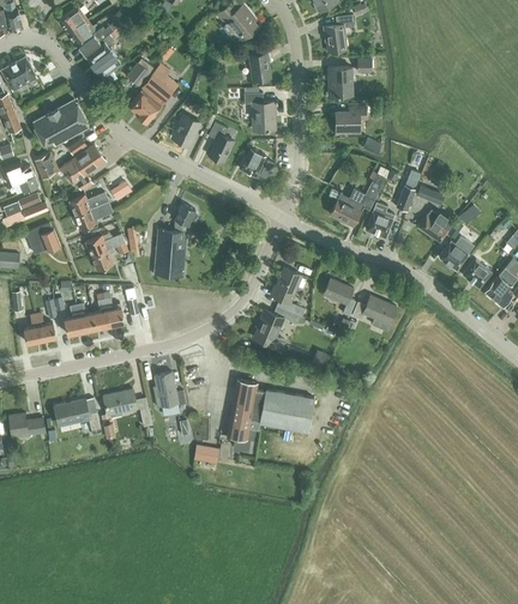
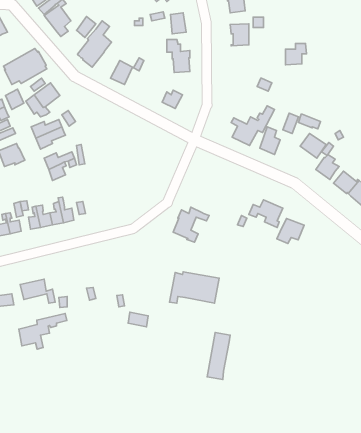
building: [337,105,365,133] -> [285,44,307,65]
building: [207,122,234,163] -> none
building: [153,204,195,277] -> none
building: [270,268,305,318] -> none
building: [323,278,355,315] -> none
building: none -> [277,218,304,243]
building: [153,373,186,407] -> none
building: [227,379,257,440] -> [207,333,230,380]
building: [103,389,137,417] -> none
building: none -> [19,313,67,349]

